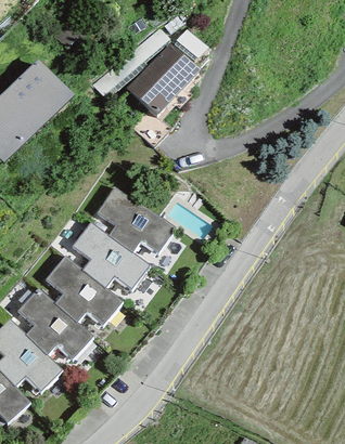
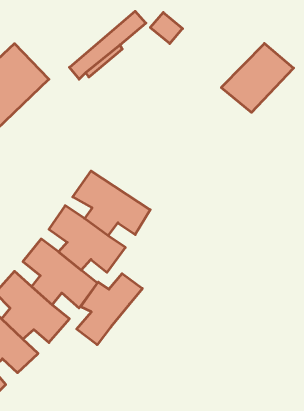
building: [126,44,199,114] -> [221,43,294,112]
building: none -> [77,274,142,345]

